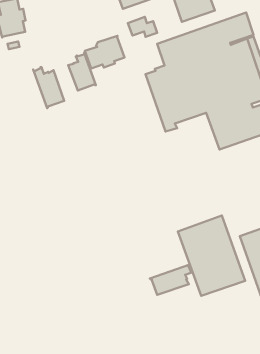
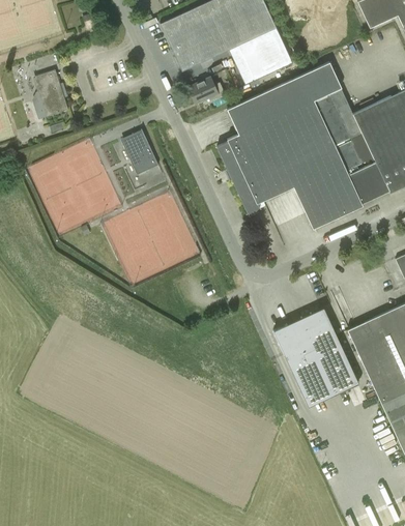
building: [85,36,125,69] -> none
building: [33,67,64,108] -> none
building: [150,264,192,295] -> none

